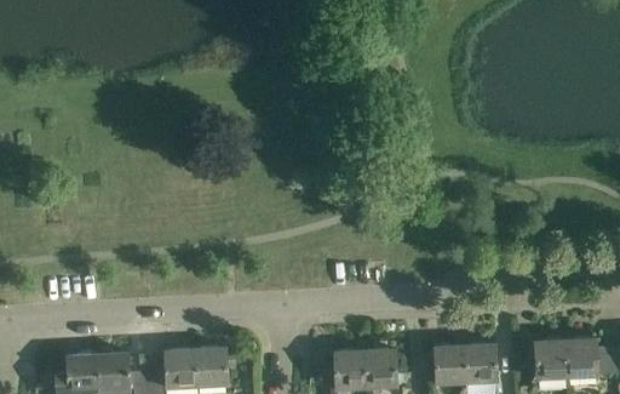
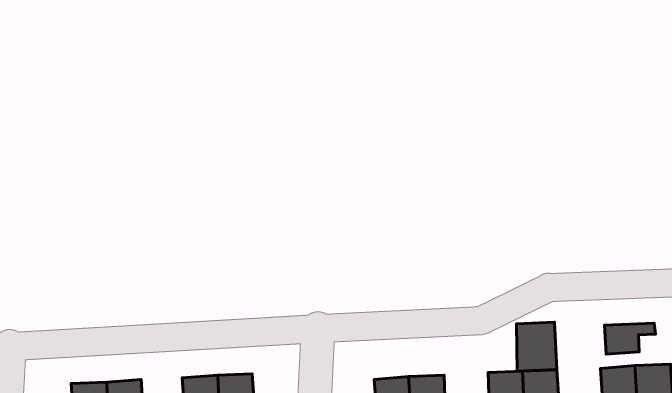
building: none -> [516,322,557,371]
building: none -> [604,323,655,354]

